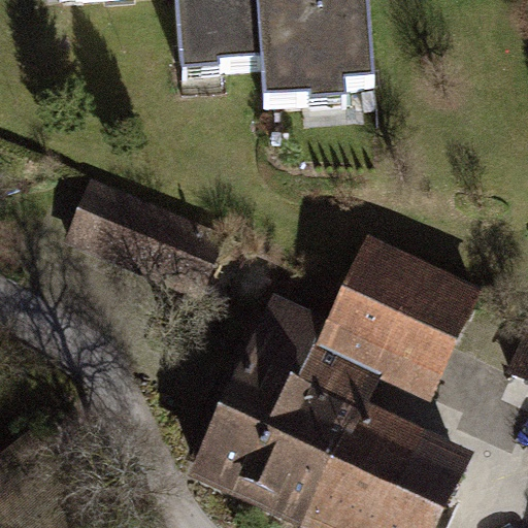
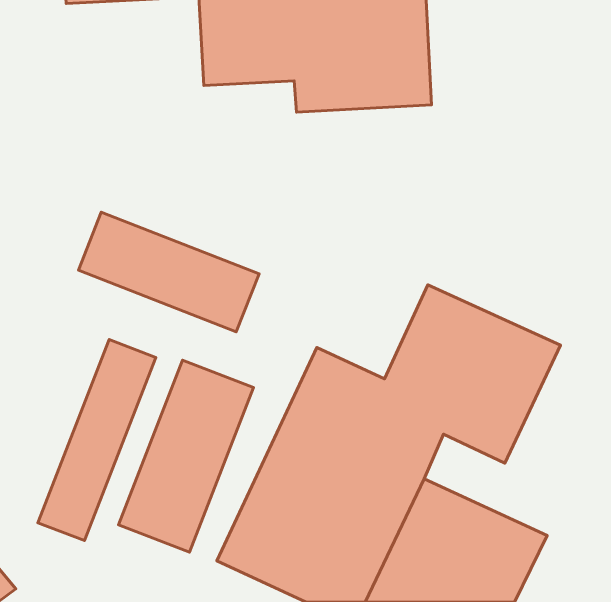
building: none -> [38,340,156,541]
building: none -> [119,360,254,552]

